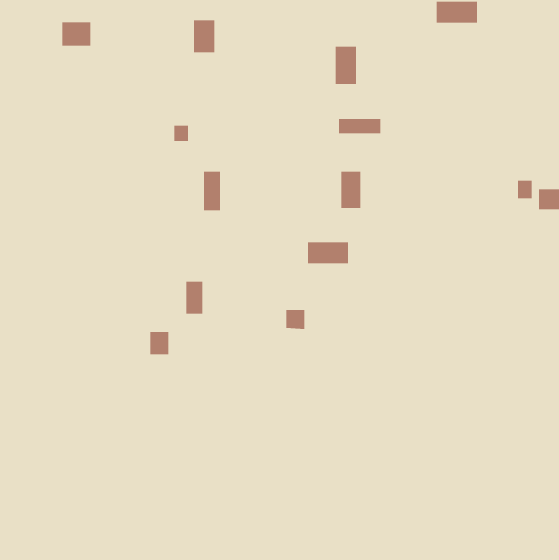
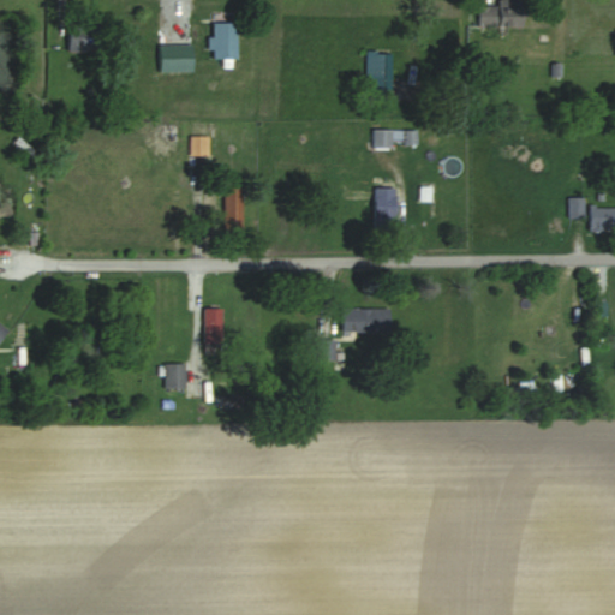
building: none -> [160,47,195,72]
building: [307,242,349,264] -> [345,309,390,333]

